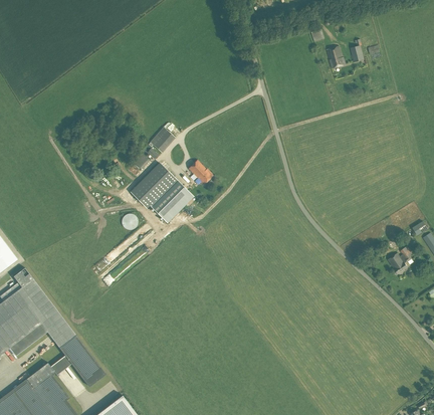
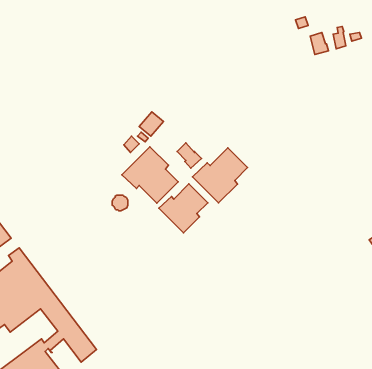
building: none -> [193,148,248,203]
building: none -> [159,184,208,233]

